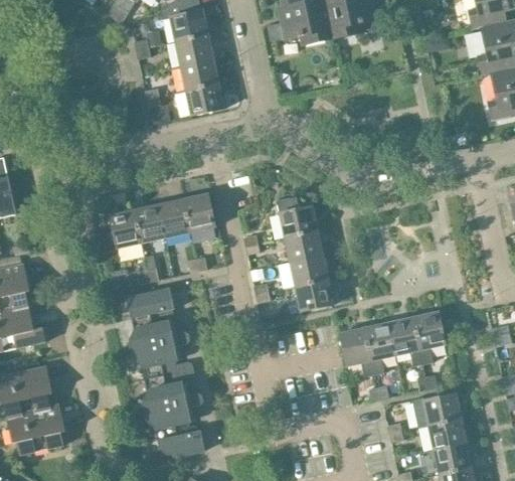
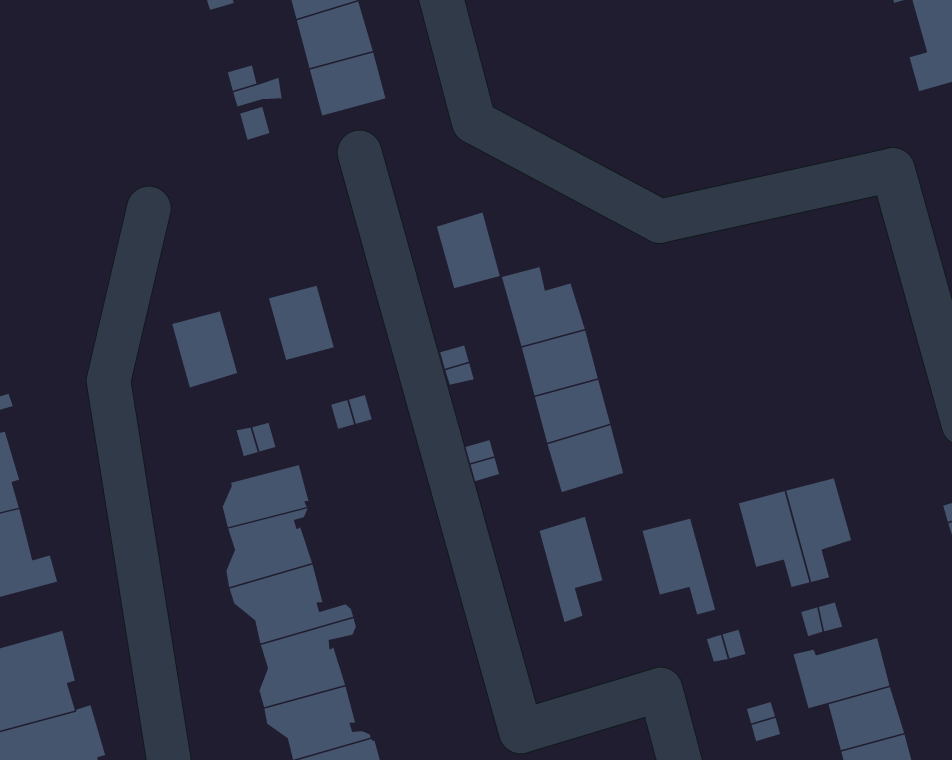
building: [183,193,214,231] -> [436,211,501,289]
building: [134,204,165,242] -> none
building: [364,321,395,374] -> [538,516,603,623]

